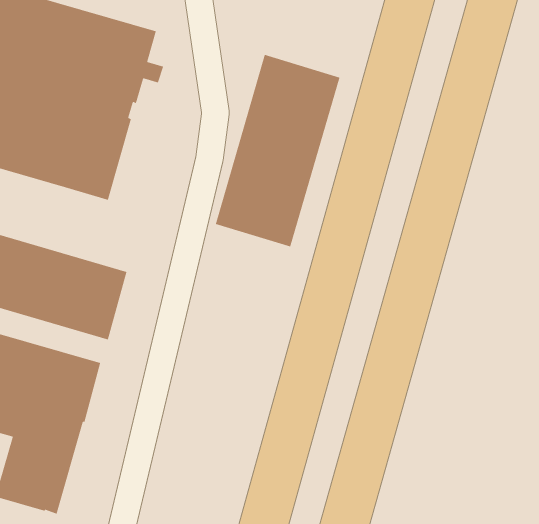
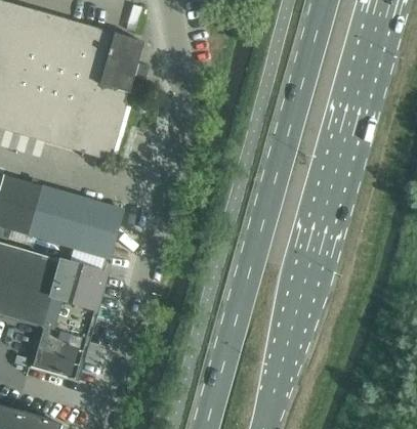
building: [215,54,340,248] -> none

